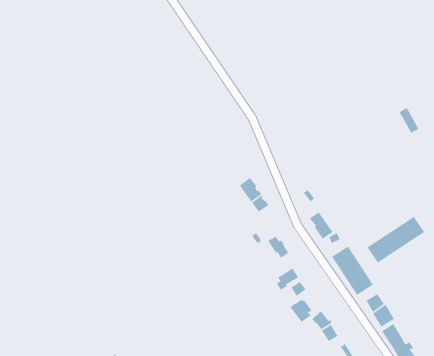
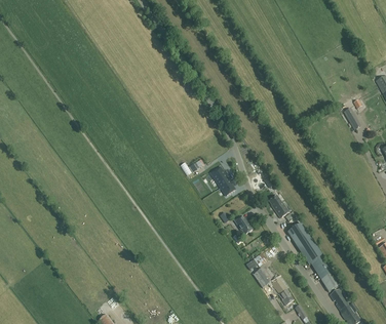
building: [366,216,425,264] -> none

